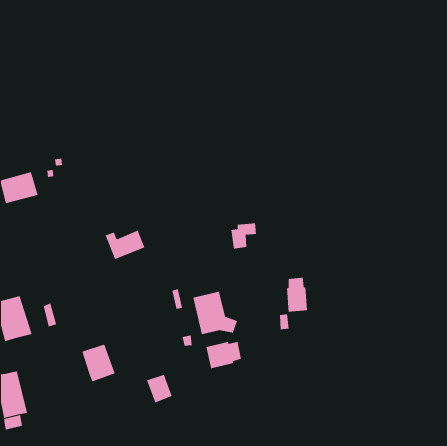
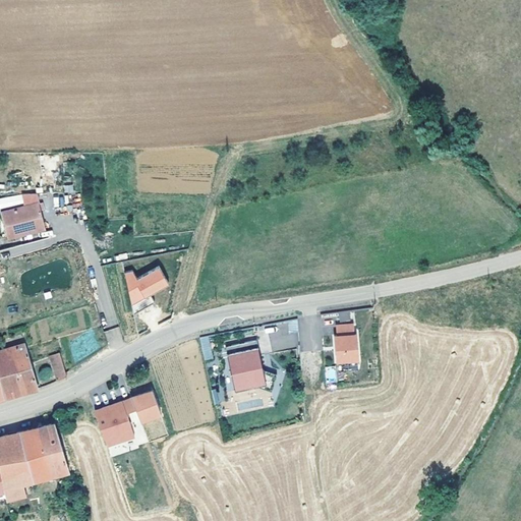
building: [231,223,257,249] -> [268,321,298,351]
building: [206,341,242,369] -> none
building: none -> [20,423,68,481]
building: [146,374,172,403] -> [131,391,162,424]

